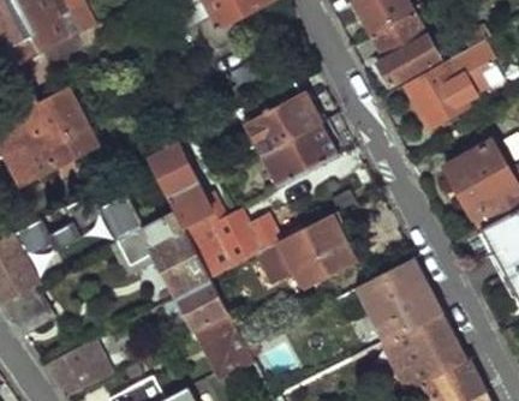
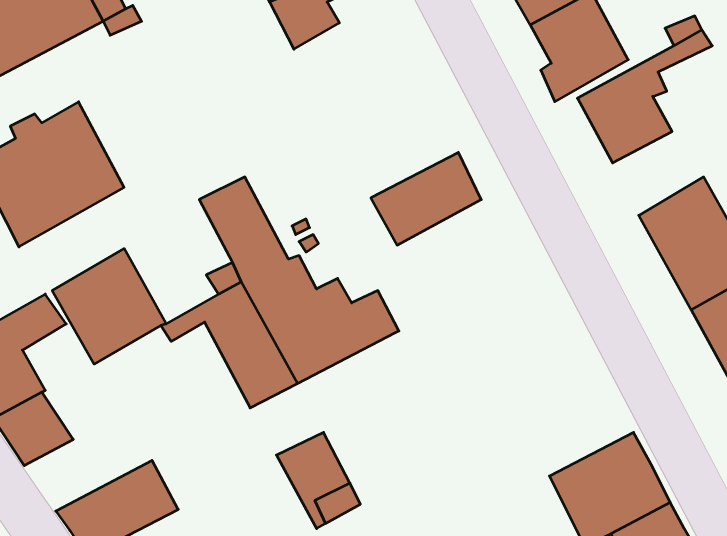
building: [245,91,322,152] -> none
building: [279,216,354,288] -> none
building: [322,259,442,361] -> none
building: [179,280,229,329] -> none

